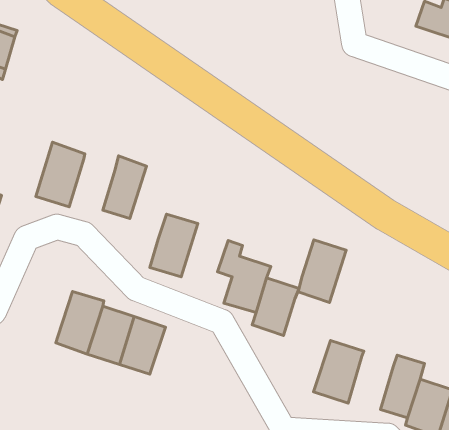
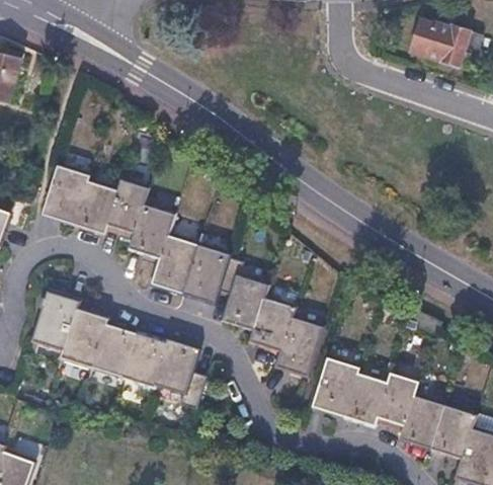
building: none -> [74,179,118,235]
building: none -> [130,203,174,257]
building: none -> [182,242,230,304]
building: [298,240,346,302] -> [277,315,324,376]
building: none -> [30,290,79,351]
building: none -> [153,339,204,407]
building: none -> [344,371,388,425]

